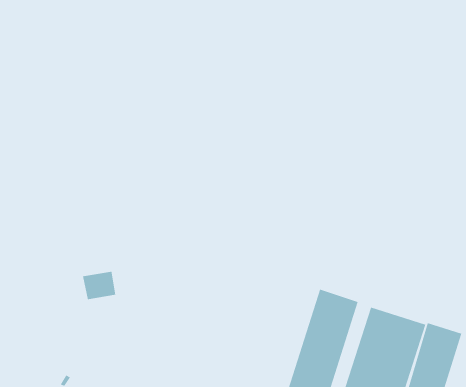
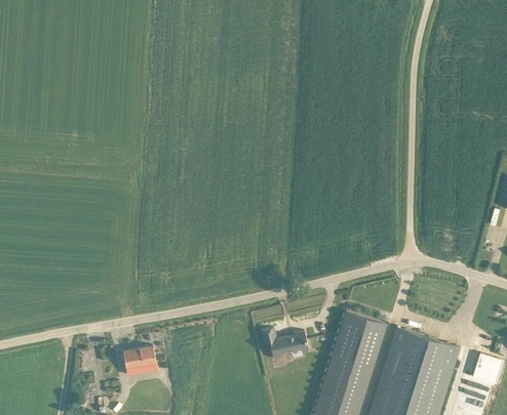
building: [82,271,116,300] -> [122,347,157,377]
building: none -> [261,329,309,361]

